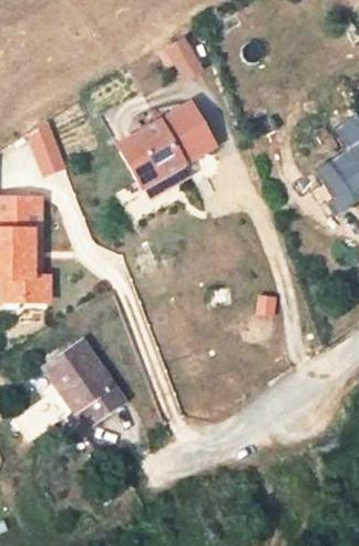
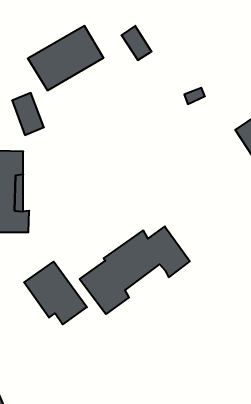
building: [117,103,215,186] -> [28,26,104,90]
building: none -> [80,226,190,314]

